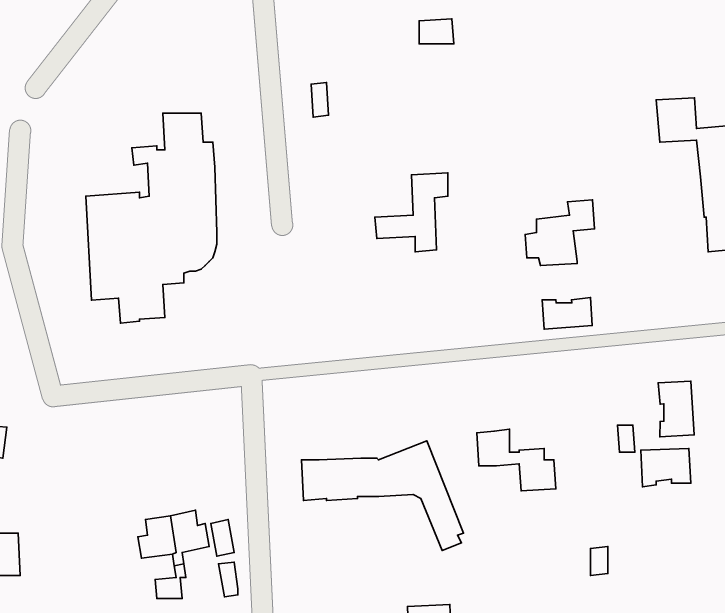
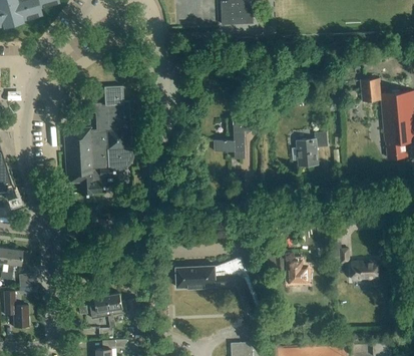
building: [542,298,592,329] -> none
building: [658,381,694,437] -> none

